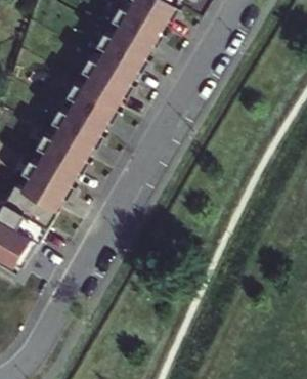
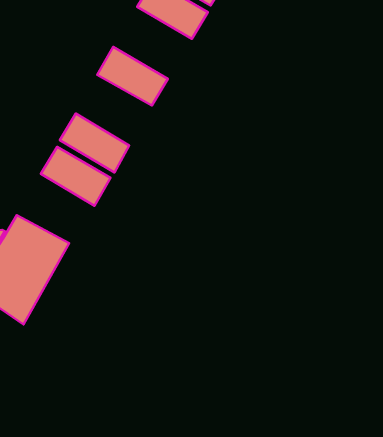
building: [92,30,145,75] -> none
building: [62,82,116,127] -> none
building: [18,159,73,204] -> none

